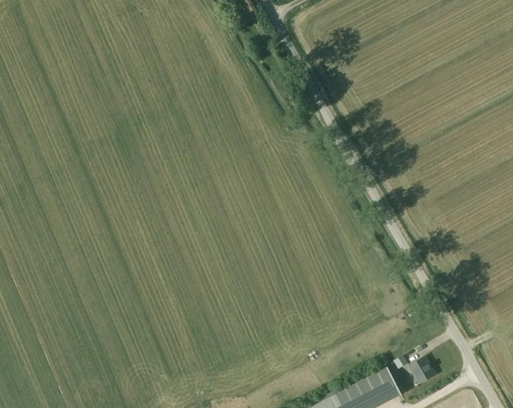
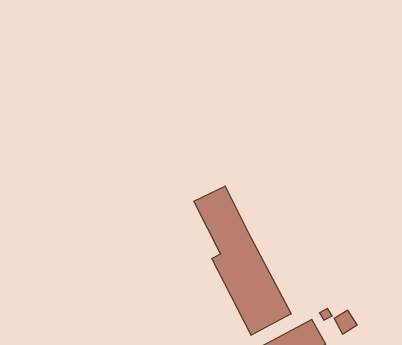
building: none -> [194,186,291,335]

